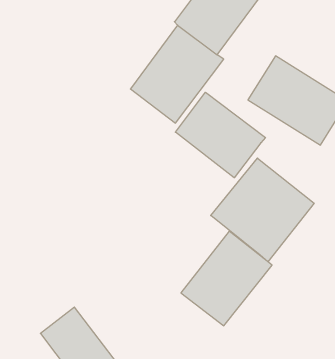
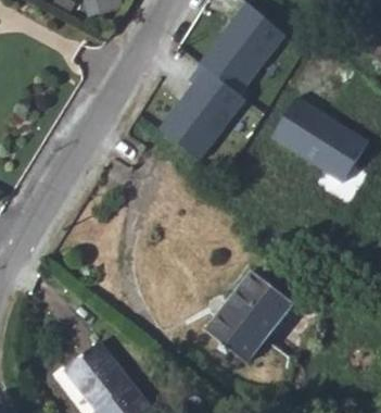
building: [175,92,265,178] -> none
building: [211,158,314,262] -> none

